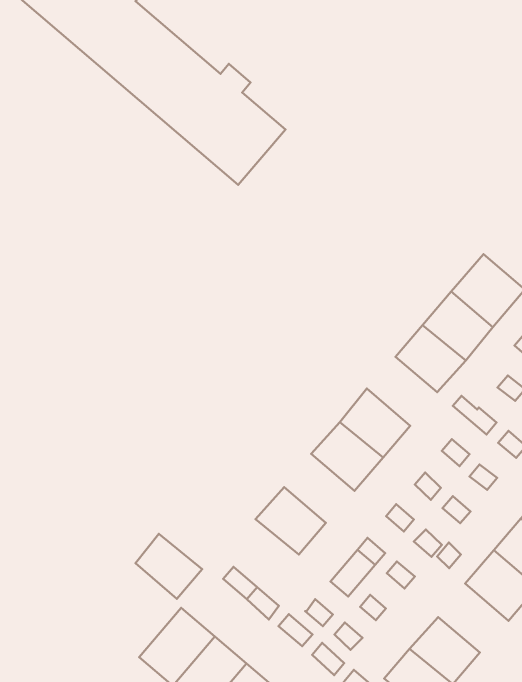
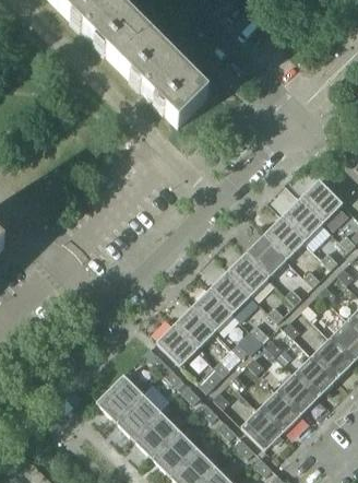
building: none -> [244,236,286,278]
building: none -> [191,290,232,331]
building: [135,534,202,599] -> [157,326,196,365]
building: none -> [276,374,318,415]

